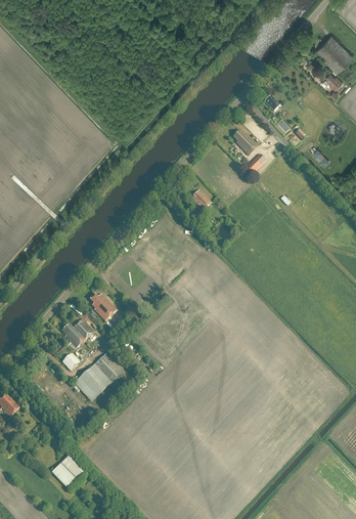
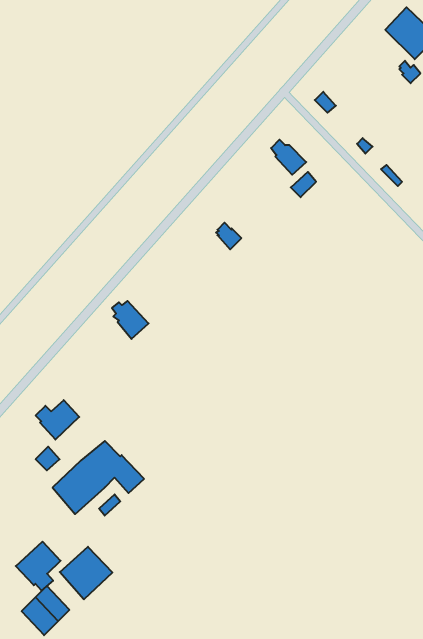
building: [90,294,117,321] -> [112,301,149,339]
building: none -> [16,542,61,591]
building: none -> [60,547,112,599]

